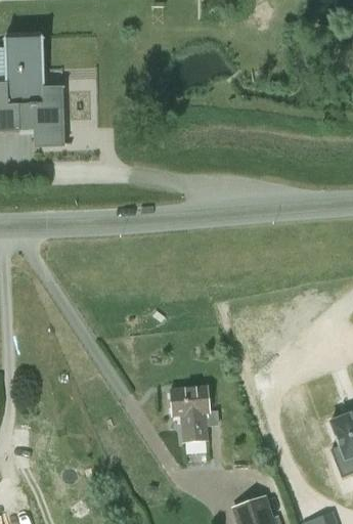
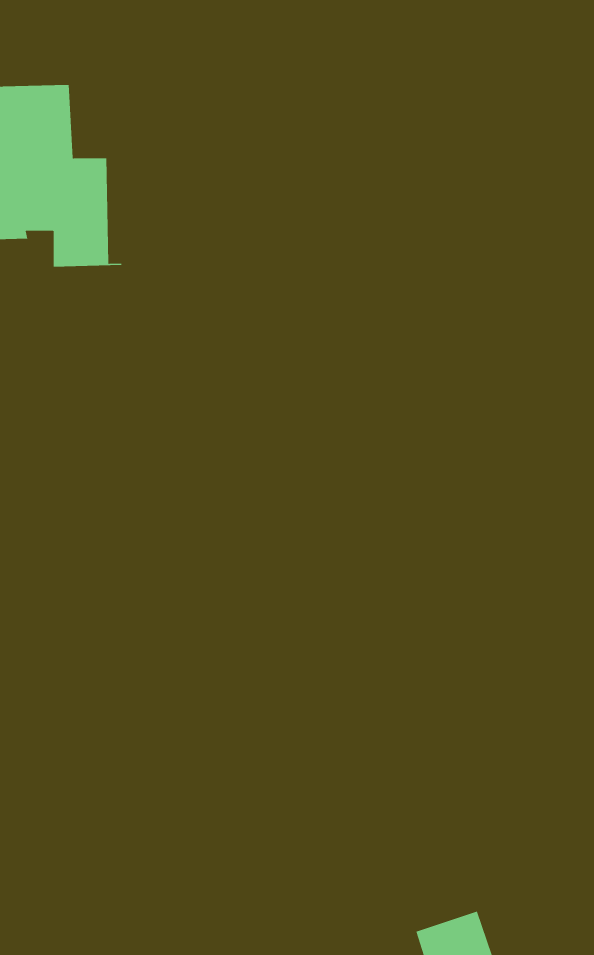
building: [169,385,209,440] -> none

